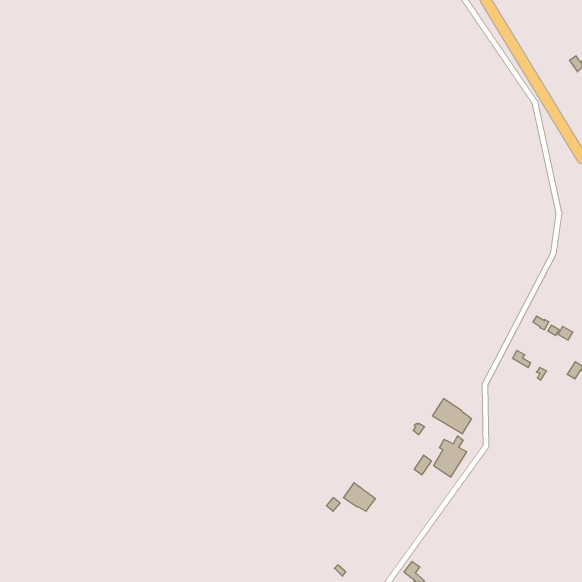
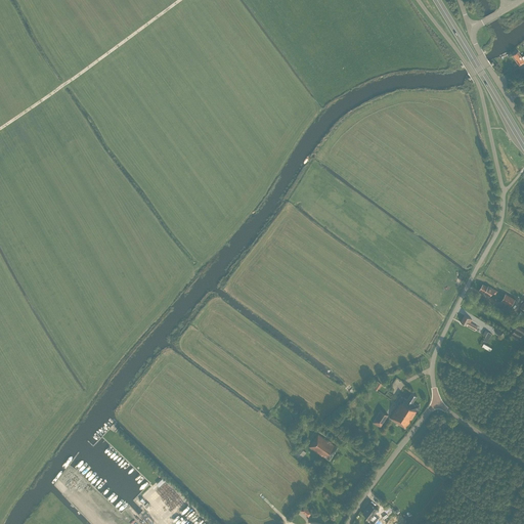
building: [433,399,471,434] -> none

